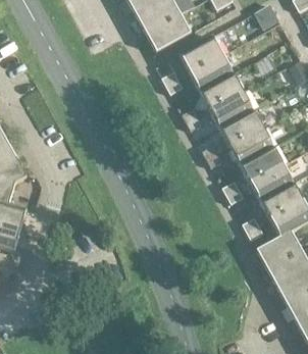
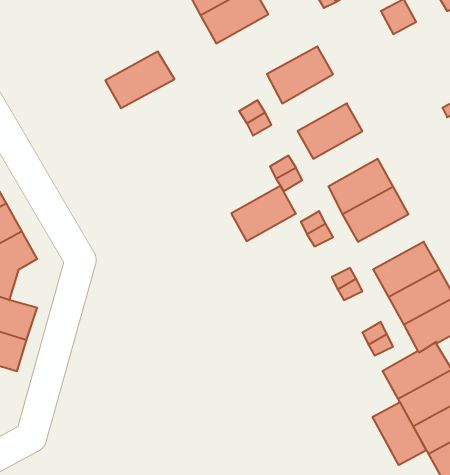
building: [146,13,192,51] -> [105,51,175,108]
building: [190,53,233,91] -> none
building: [210,91,253,128] -> [231,186,296,241]
building: [240,146,284,183] -> none
building: none -> [373,402,426,465]

